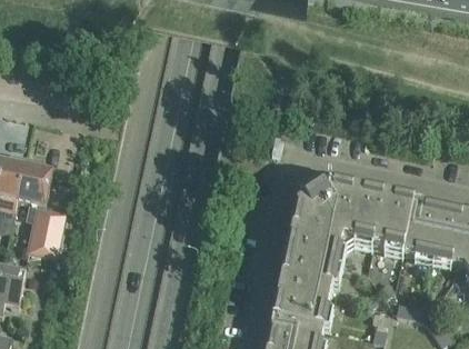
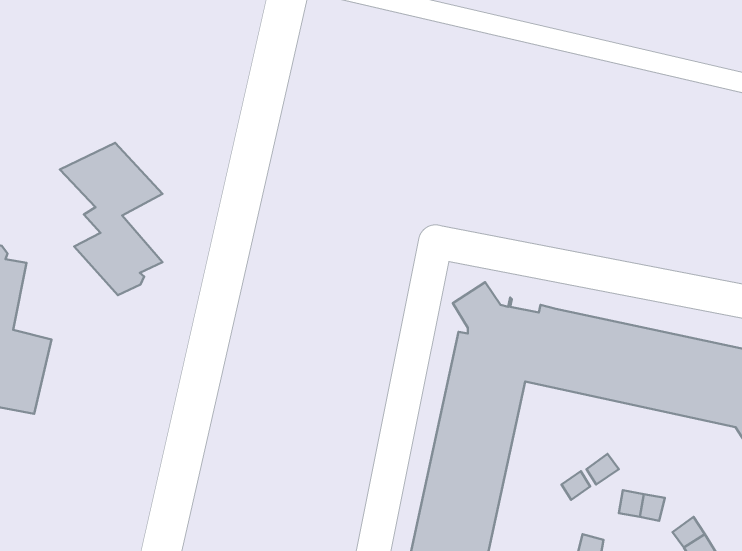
building: none -> [60,143,162,295]

